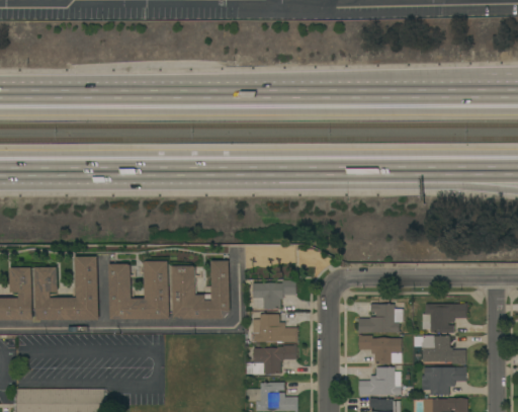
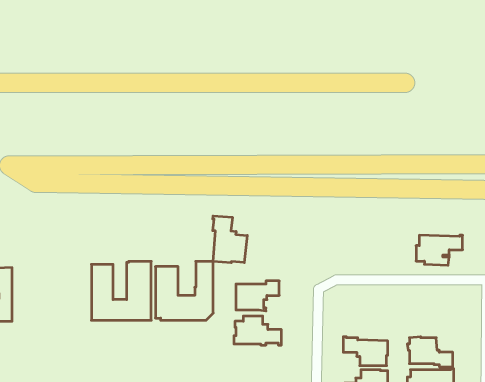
building: none -> [213,216,247,263]
building: [37,256,100,320] -> none
building: [358,304,404,334] -> none
building: [422,304,467,333] -> [416,235,463,265]
building: [246,344,295,374] -> none

